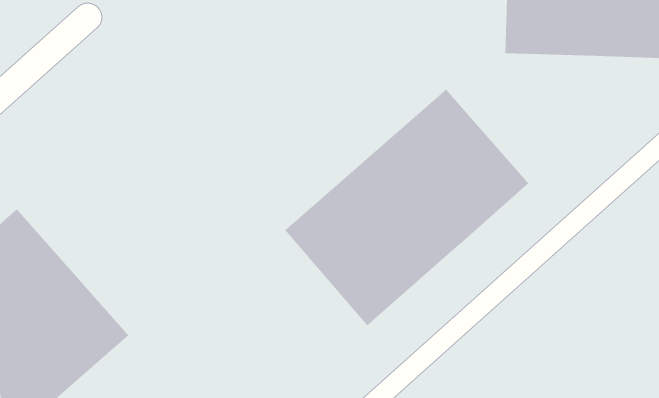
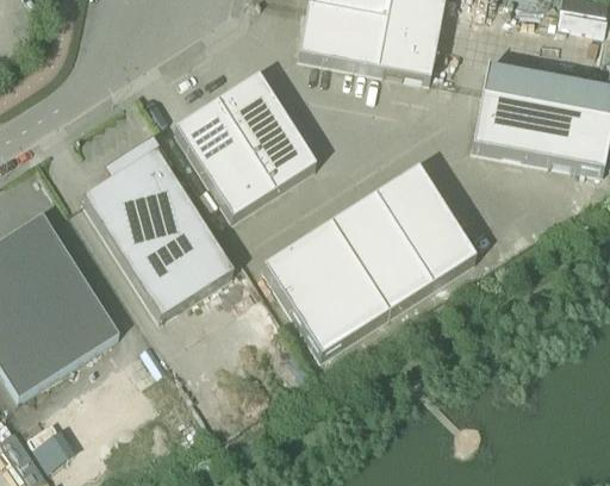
building: none -> [175,71,316,214]
building: none -> [82,139,232,316]

